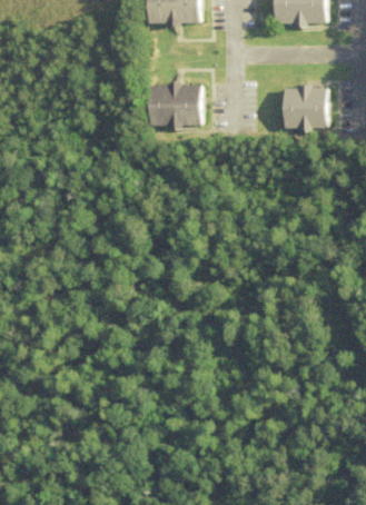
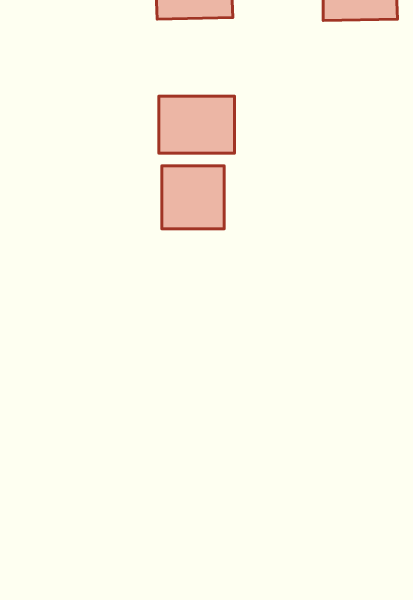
building: [278,86,328,128] -> none
building: none -> [162,166,224,229]

